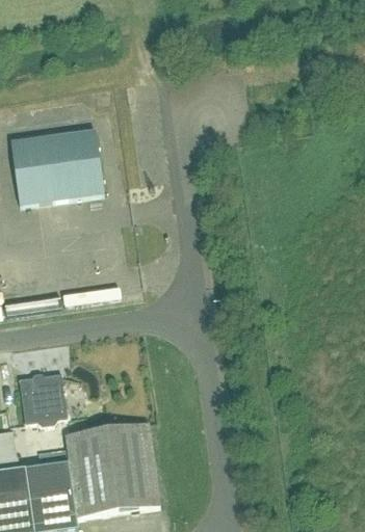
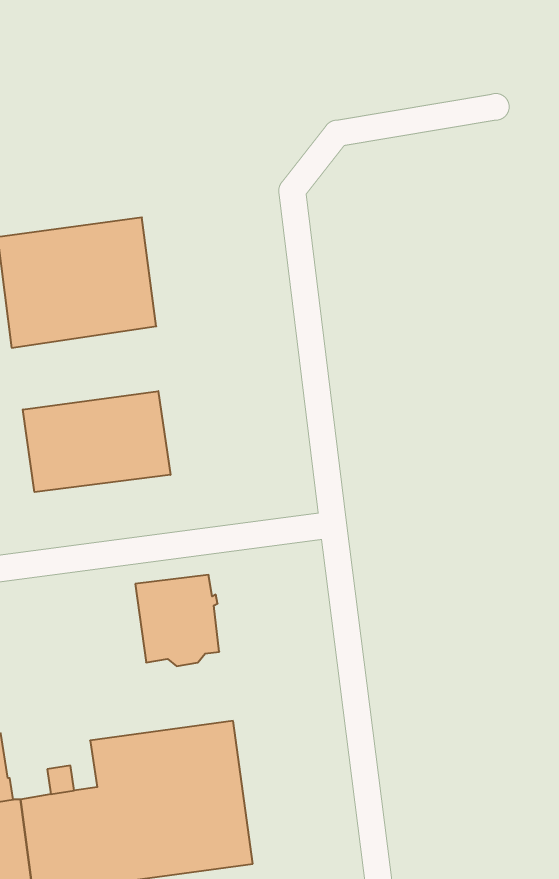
building: none -> [23,391,170,492]
building: [17,373,66,426] -> [135,575,219,666]

